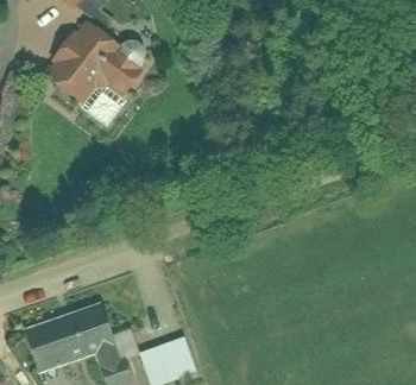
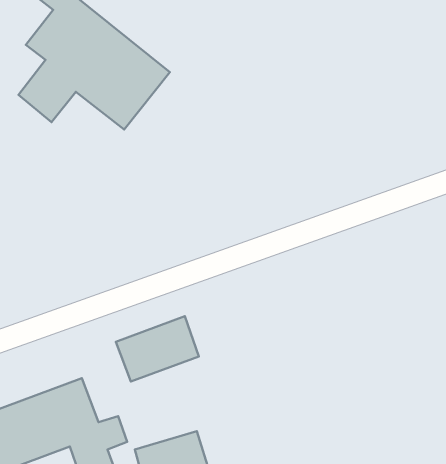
building: none -> [116,316,199,381]

